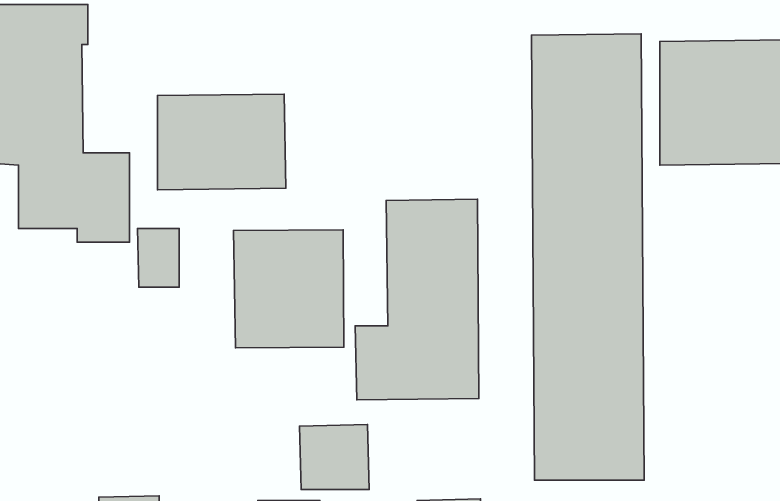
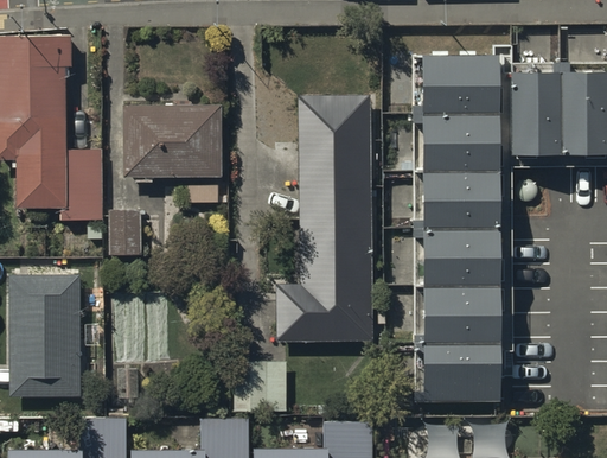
building: none -> [299,100,370,189]
building: [234,230,344,348] -> none
building: none -> [9,275,82,396]

